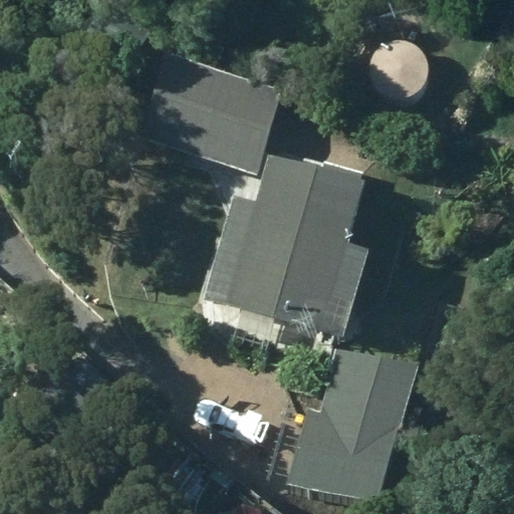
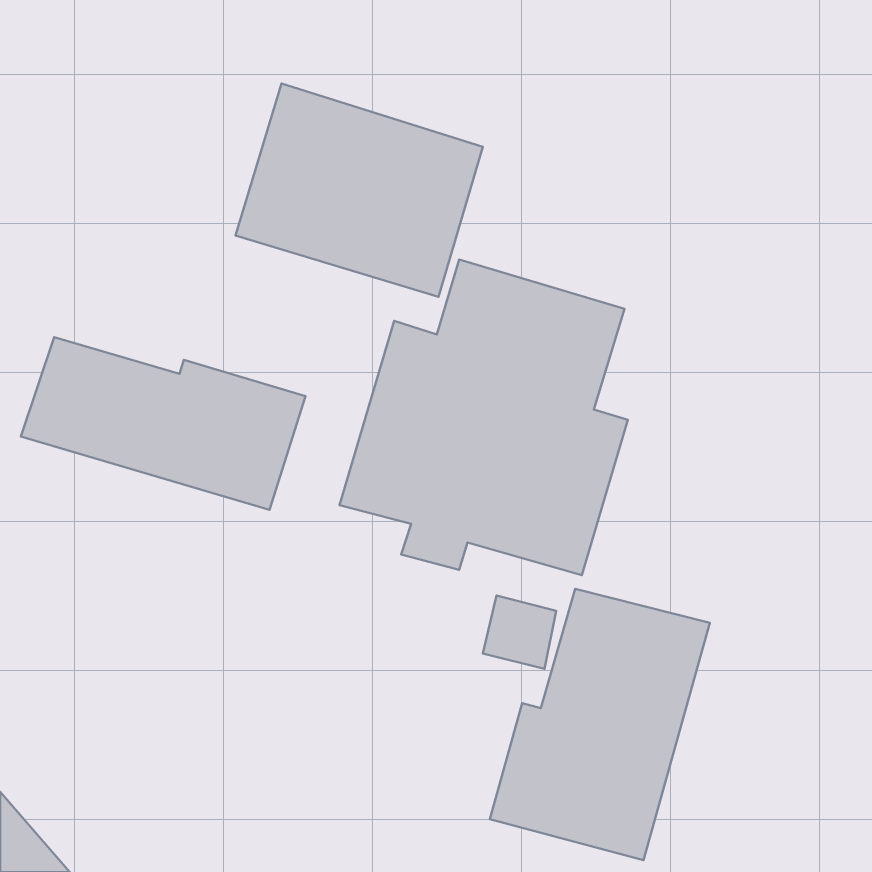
building: none -> [21,337,305,510]

